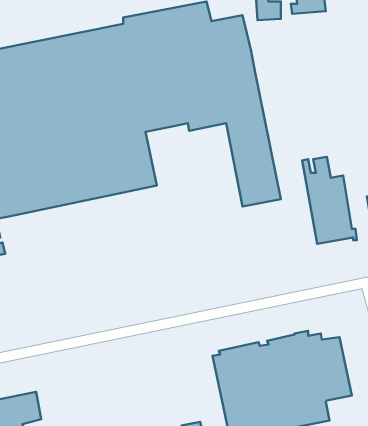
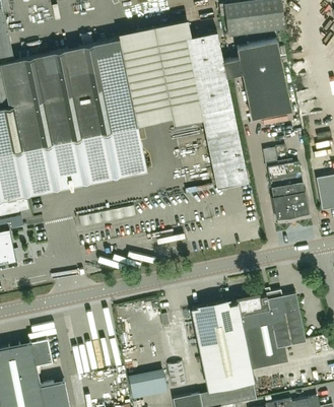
building: none -> [223,40,291,119]

